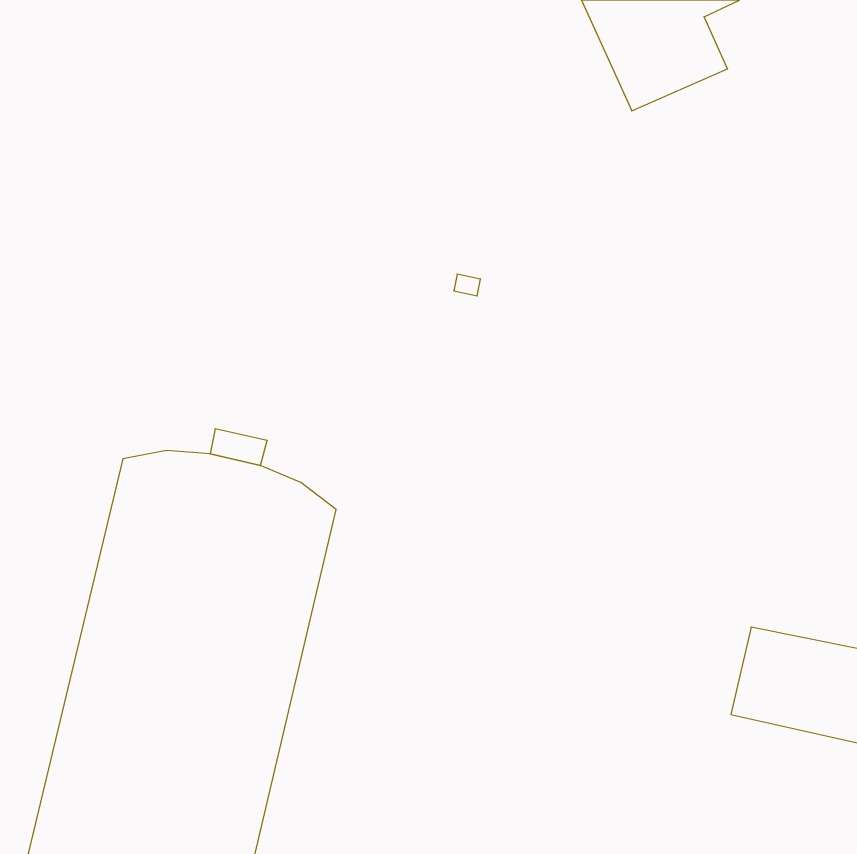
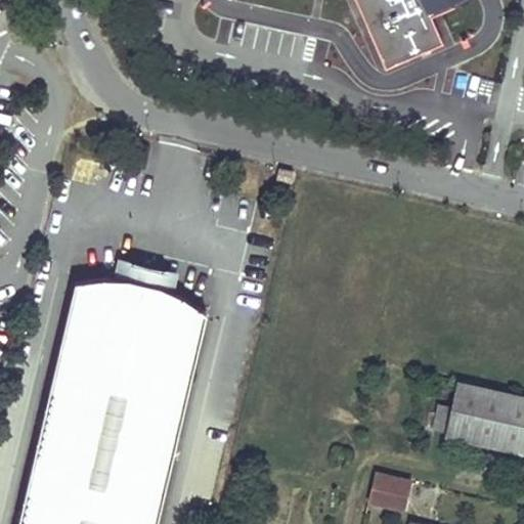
building: none -> [369,478,413,512]

